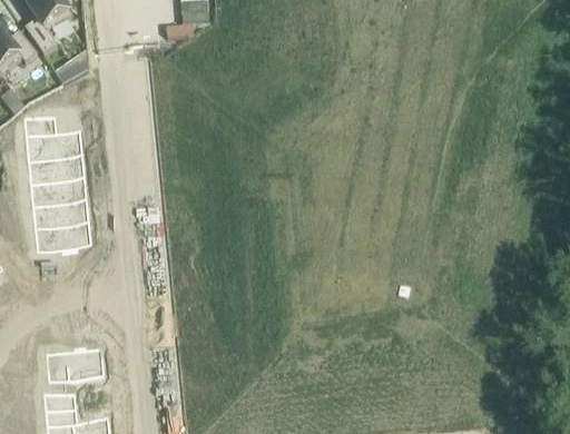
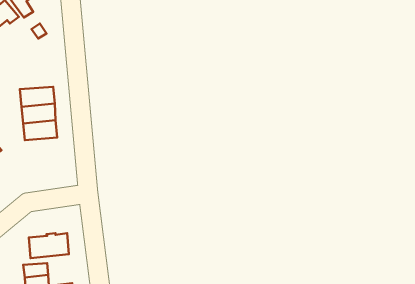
building: [19,114,78,156] -> none
building: [40,220,87,253] -> none

